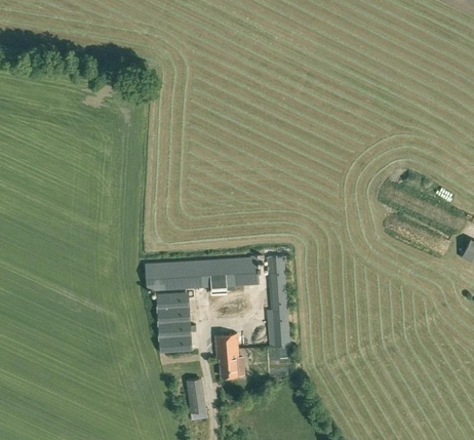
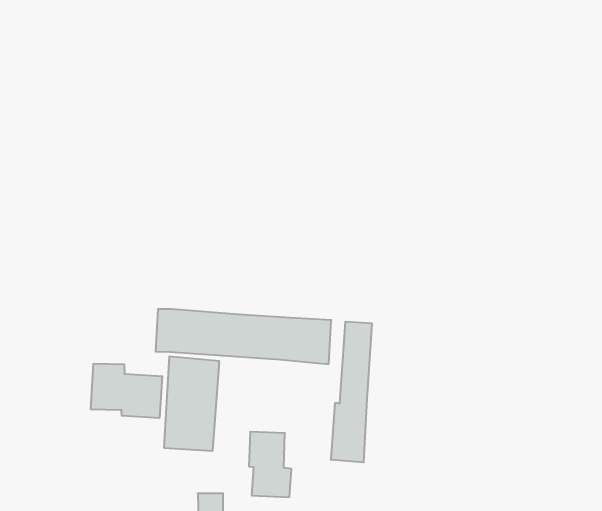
building: none -> [91,364,162,418]

